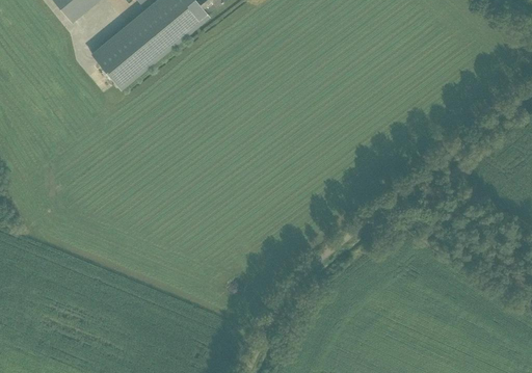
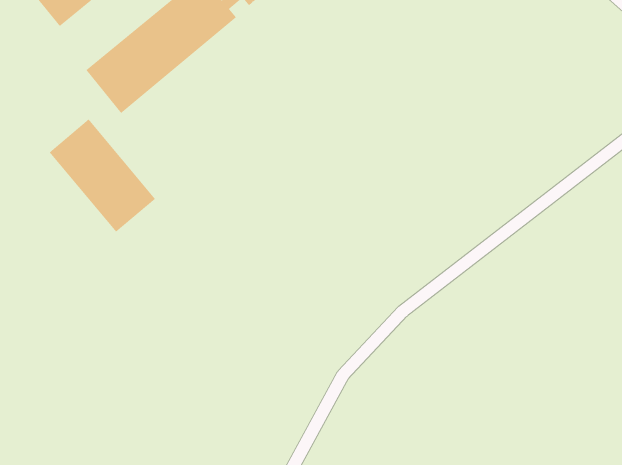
building: none -> [49,119,156,233]

